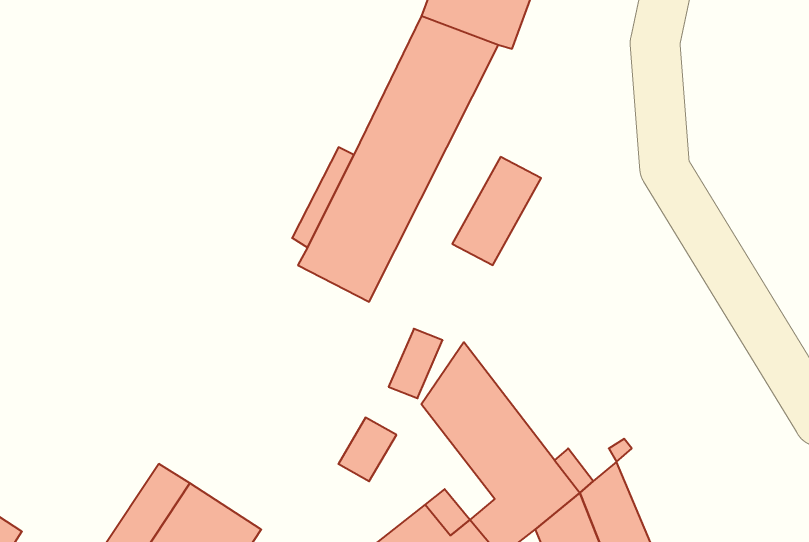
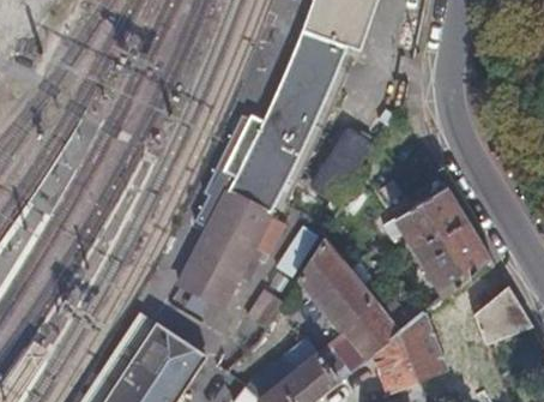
building: none -> [382,185,491,299]
building: none -> [175,192,292,317]
building: none -> [475,286,533,344]

